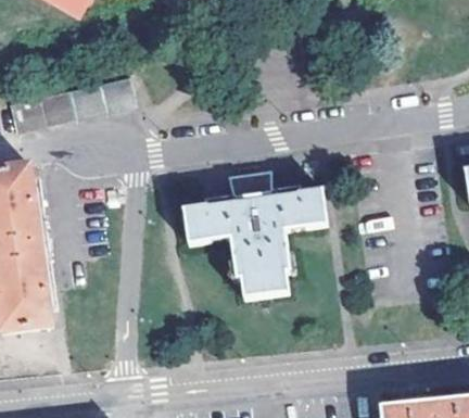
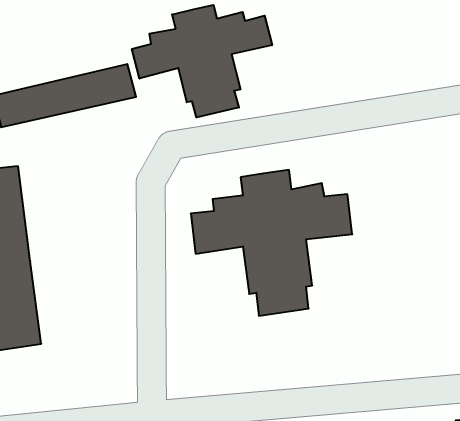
building: none -> [132,5,272,117]

